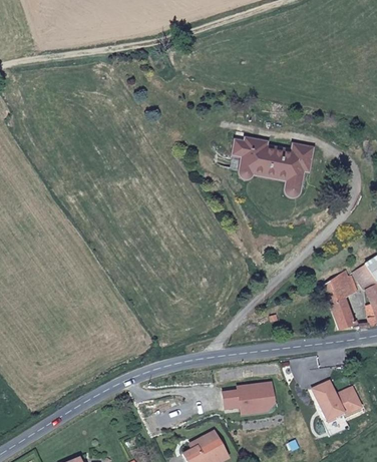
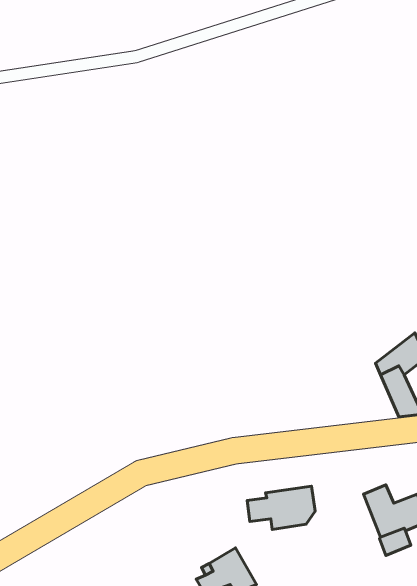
building: [236,136,316,196] -> none

